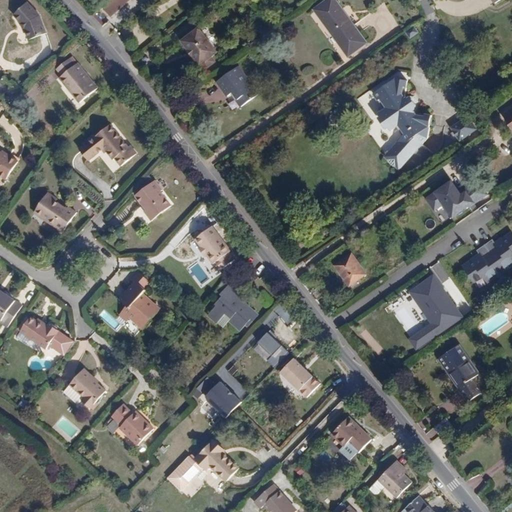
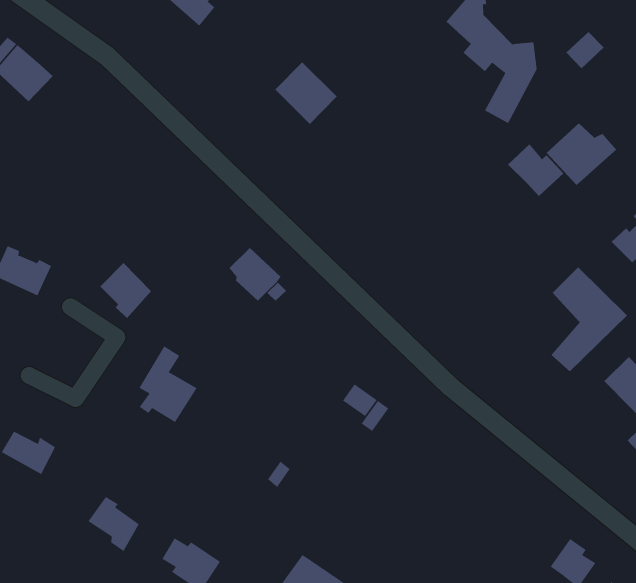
building: [215,65,257,109] -> [275,61,337,125]
building: [78,120,137,164] -> none
building: [134,178,169,217] -> [100,262,152,319]
building: none -> [507,144,564,197]
building: [334,254,364,285] -> none
building: [208,282,259,329] -> none
building: [279,357,320,397] -> none
building: [205,380,242,417] -> none
building: [331,415,371,450] -> none

